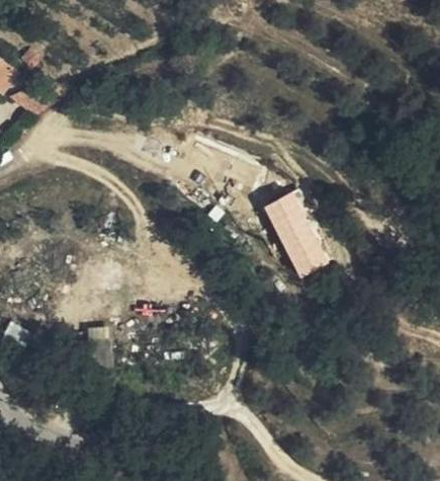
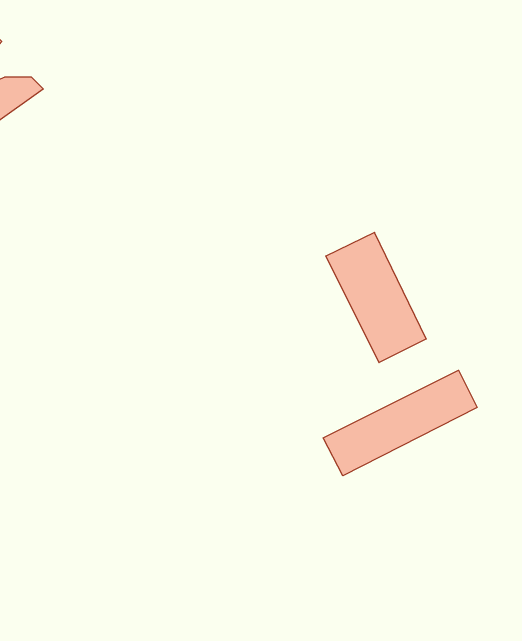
building: none -> [323,370,477,476]

